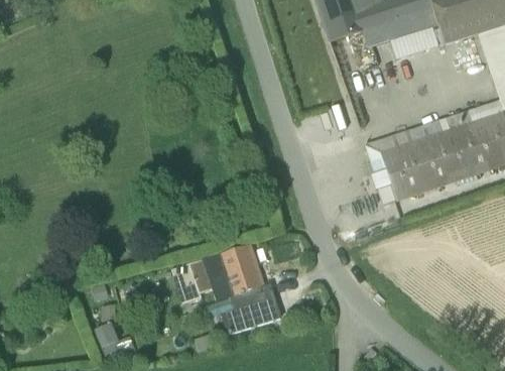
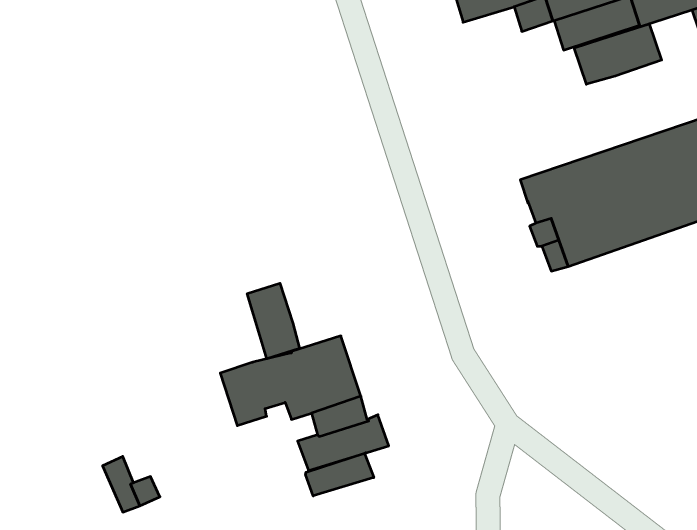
building: none -> [574,24,662,84]
building: none -> [247,283,300,359]
building: none -> [306,453,374,496]

